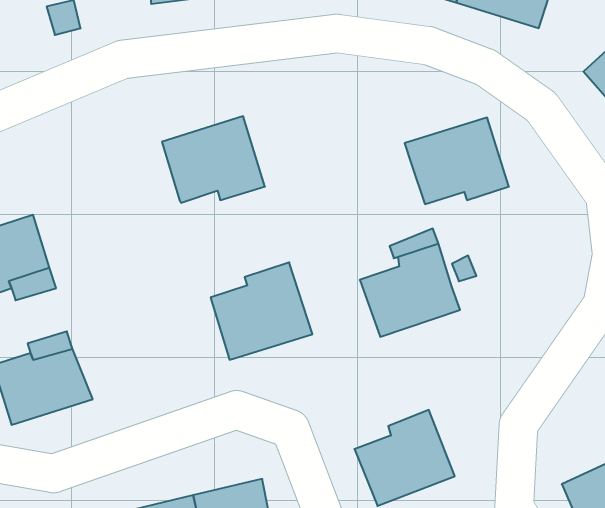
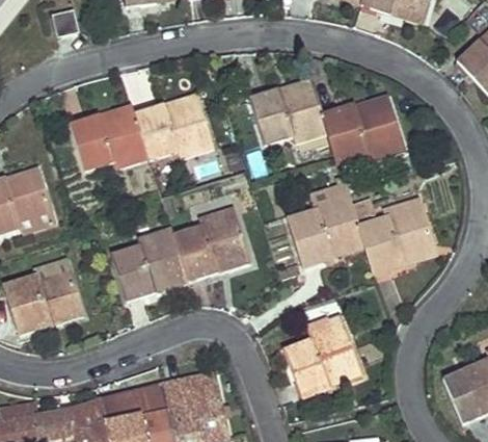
building: none -> [249,78,326,145]
building: none -> [71,104,148,171]
building: none -> [357,200,434,272]
building: none -> [111,226,187,301]

